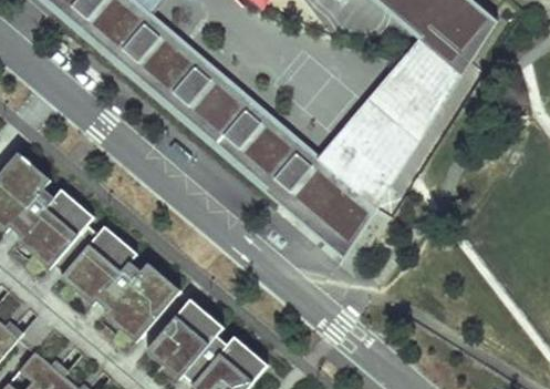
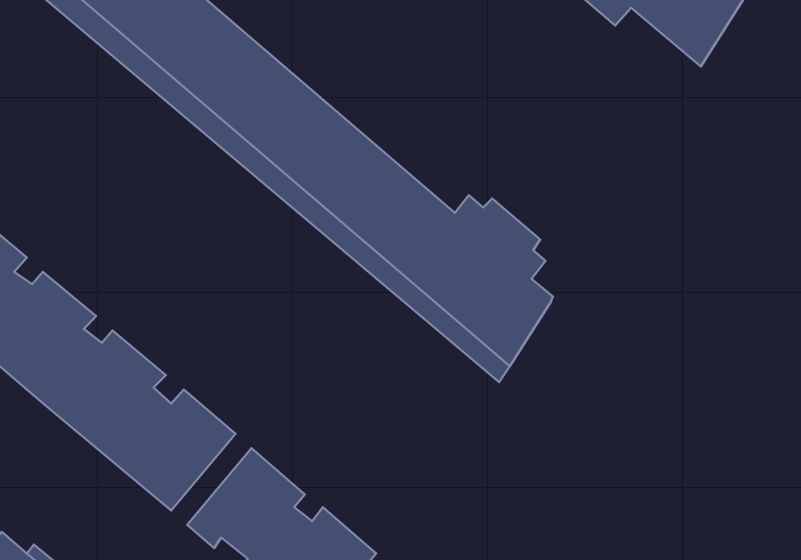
building: [325,24,469,204] -> none

